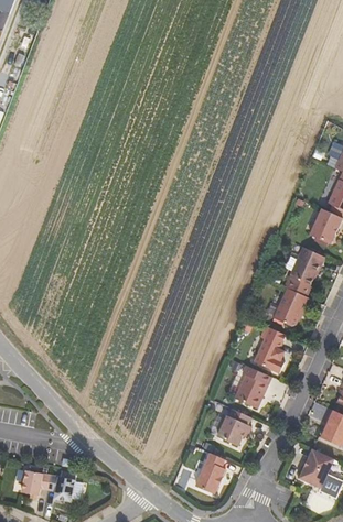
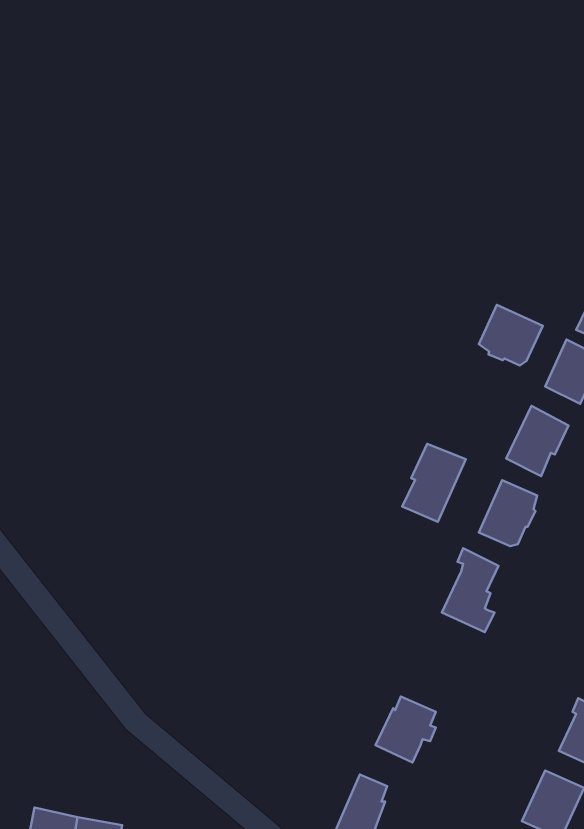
building: none -> [479,305,543,365]
building: none -> [402,444,466,522]
building: [233,365,270,407] -> none

